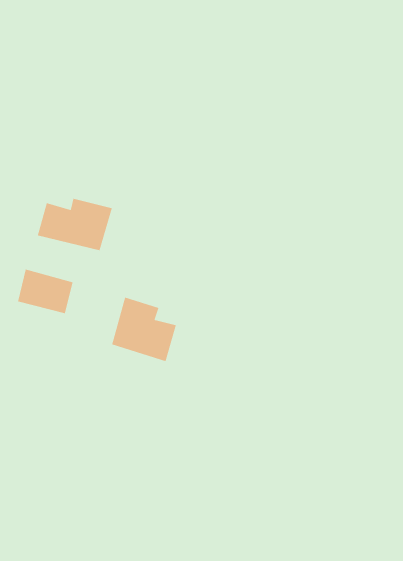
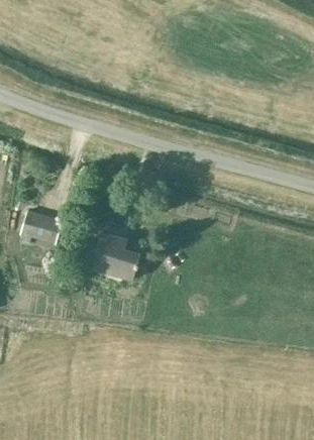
building: [37,198,113,251] -> none

